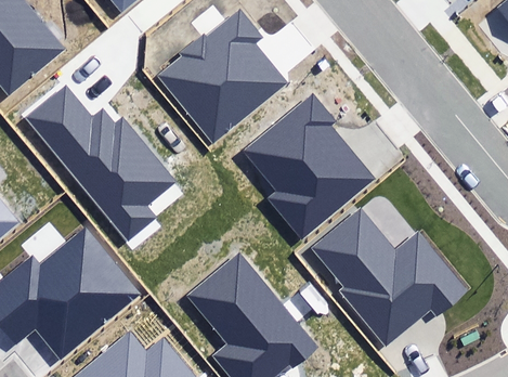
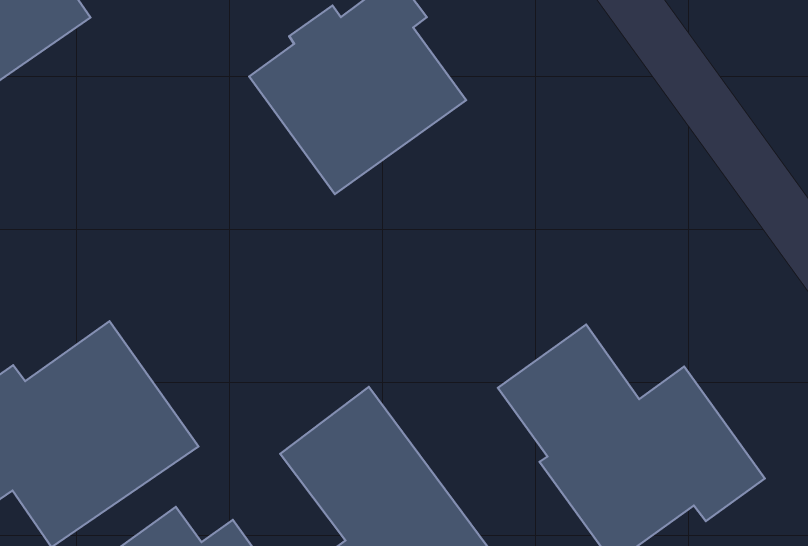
building: [30,86,174,236] -> none
building: [244,89,376,238] -> none

